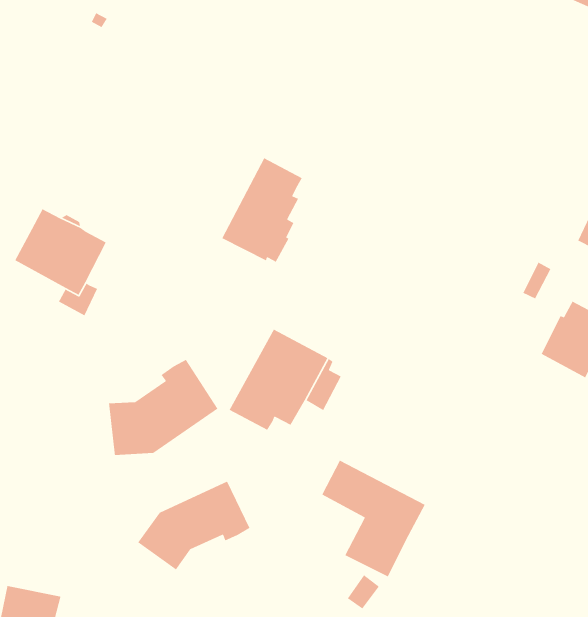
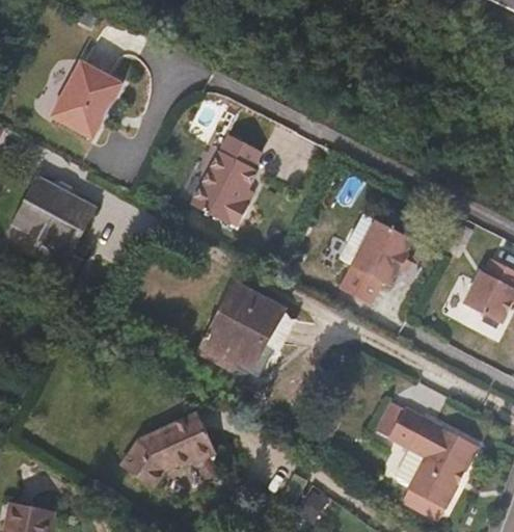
building: none -> [51,61,121,138]
building: none -> [337,212,412,304]
building: [108,359,219,456] -> none
building: [321,459,426,577] -> [388,407,478,508]

